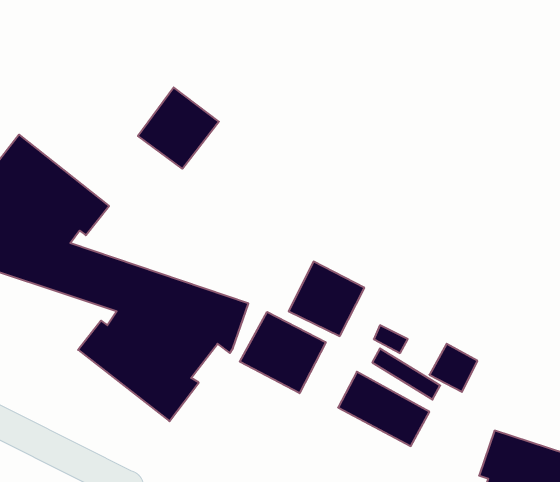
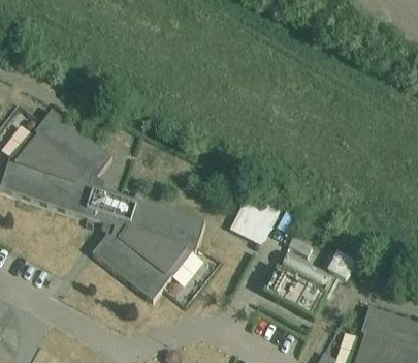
building: [138,87,219,169] -> none
building: [240,312,326,393] -> none

